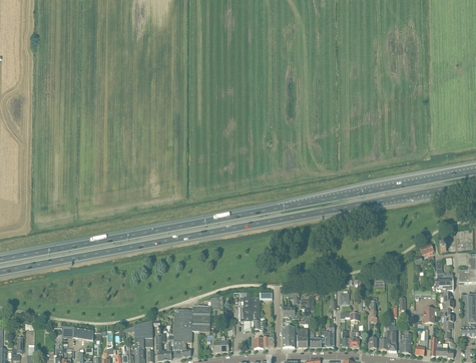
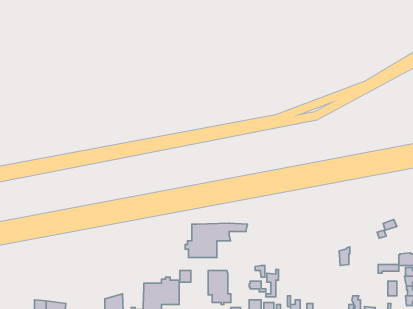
building: none -> [185,223,247,257]

